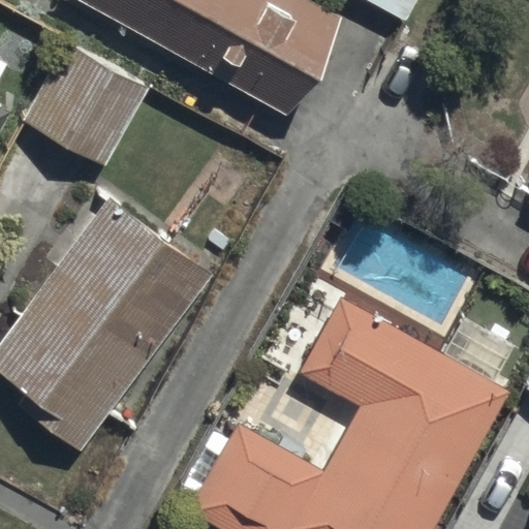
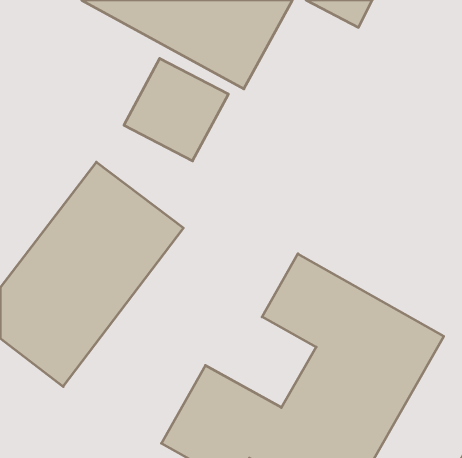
building: [28,49,146,164] -> [124,58,228,161]

